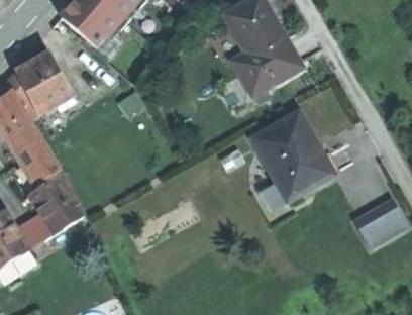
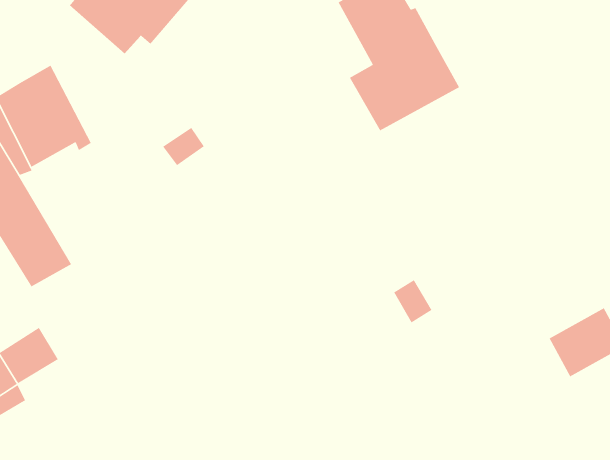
building: [251,116,332,199] -> none
building: [29,175,82,233] -> none

